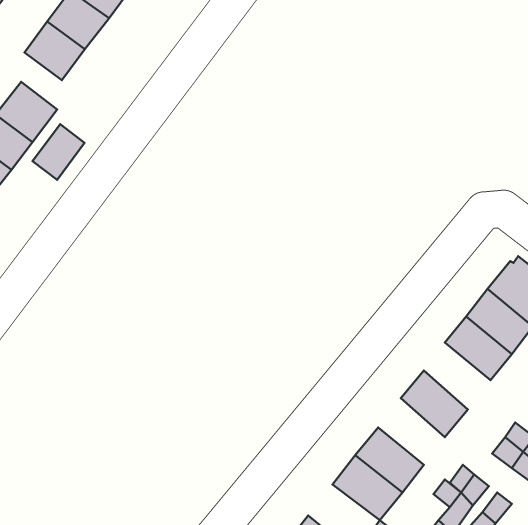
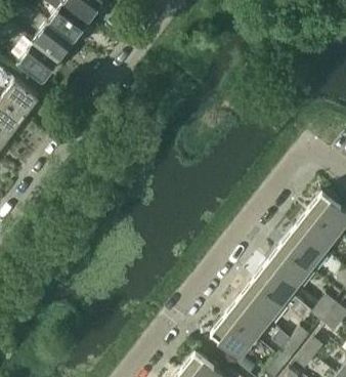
building: [32,124,85,180] -> none
building: none -> [268,245,310,287]
building: none -> [240,280,282,322]

